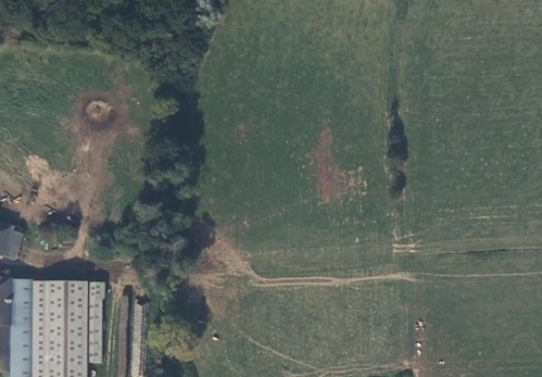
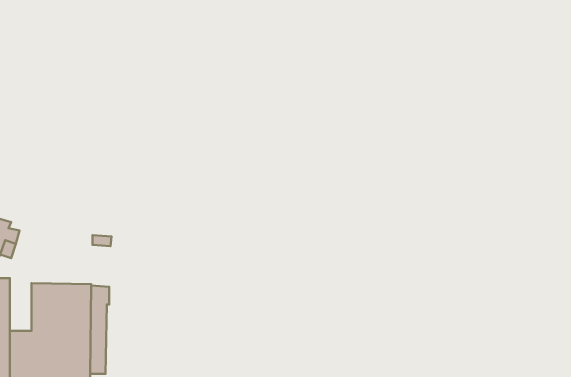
building: [12,280,31,324] -> none

